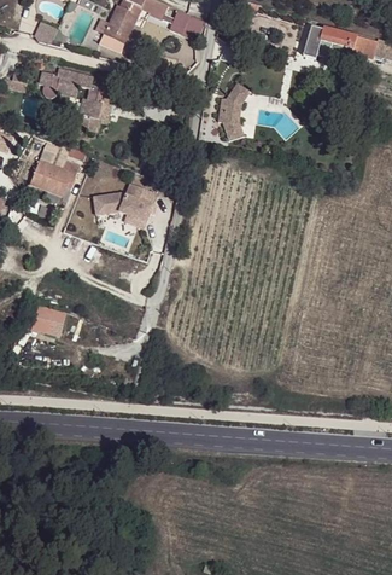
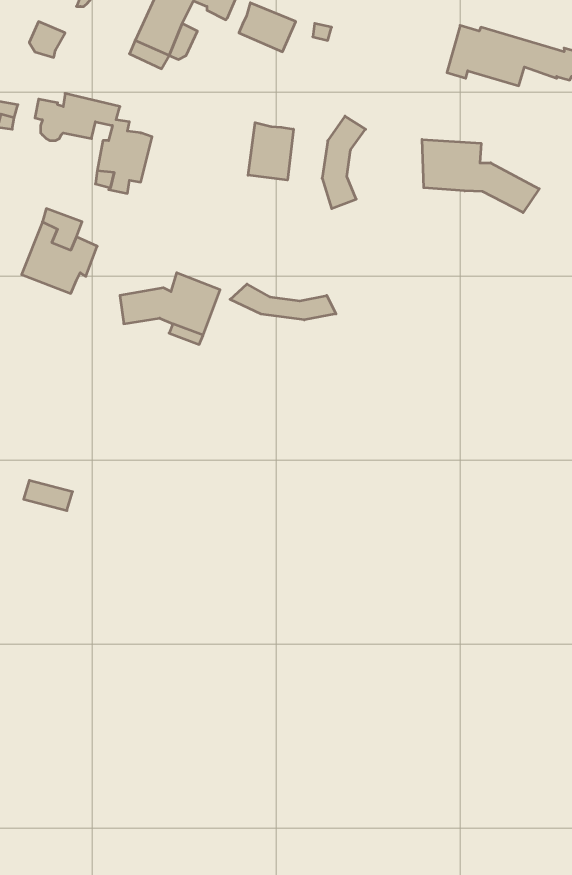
building: none -> [248,123,293,180]
building: none -> [422,139,539,213]
building: none -> [230,284,336,320]

